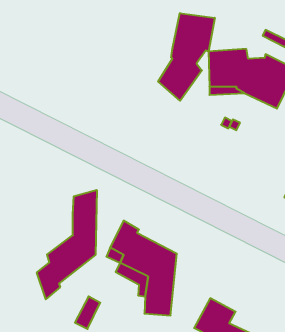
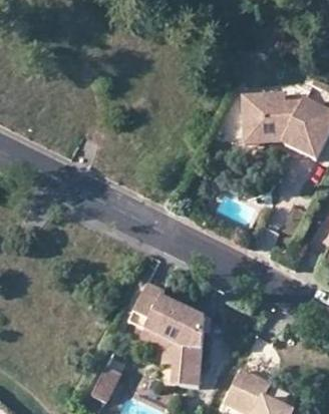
building: [158,13,215,101] -> none
building: [37,190,97,299] -> none

